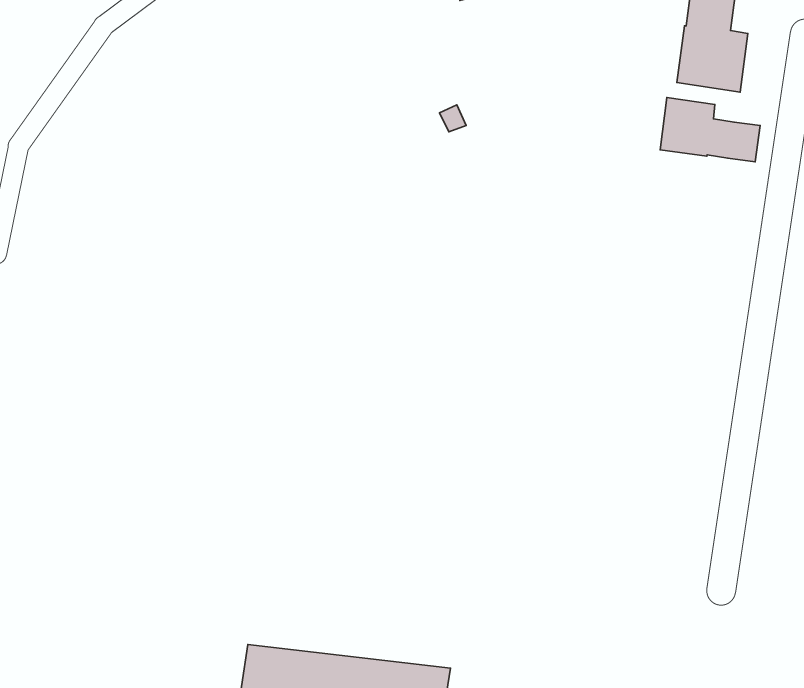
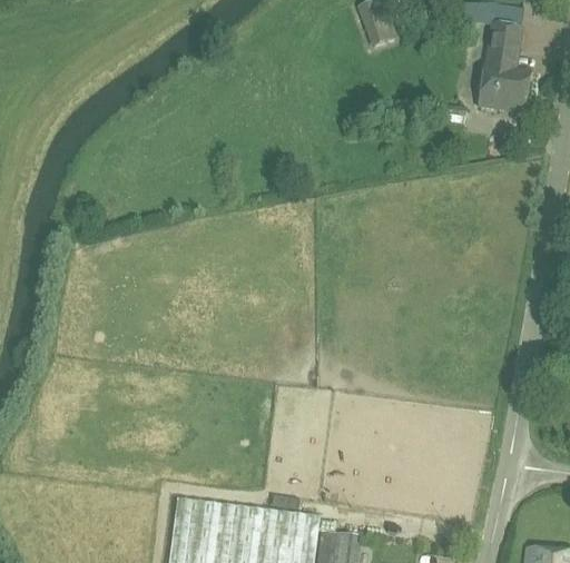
building: [660,98,760,162] -> none

